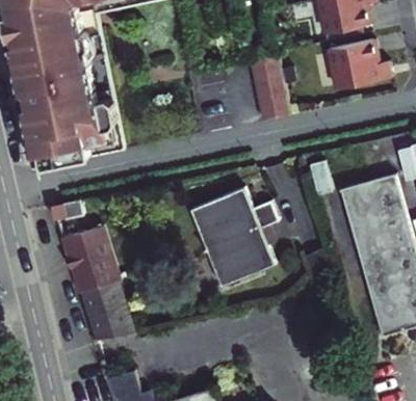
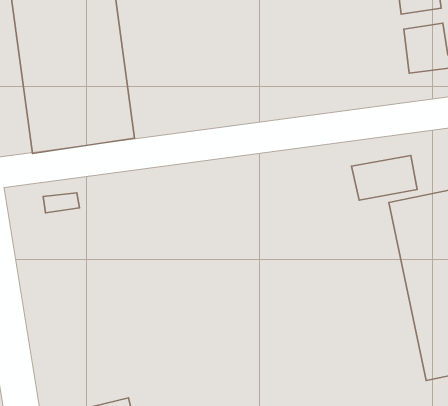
building: [250,56,288,123] -> none
building: [190,187,277,286] -> none
building: [60,228,134,341] -> none

